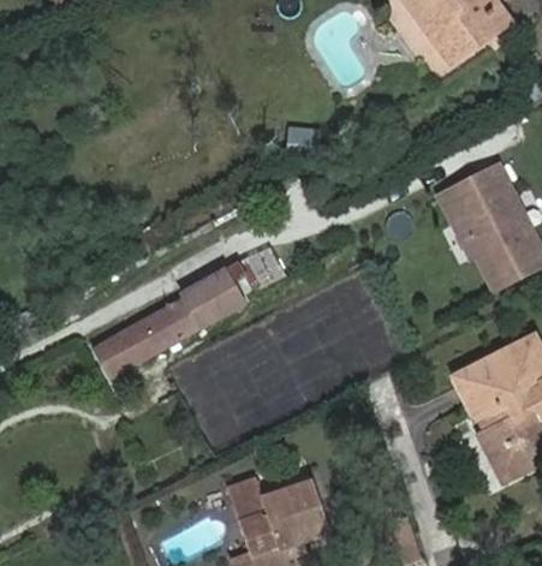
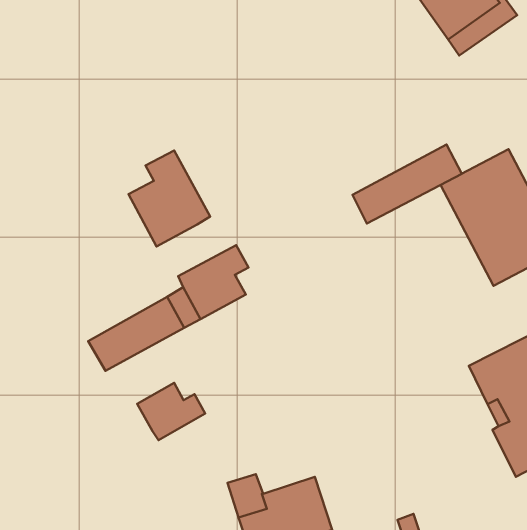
building: none -> [353,144,462,224]
building: none -> [128,151,210,246]
building: none -> [137,383,205,440]

